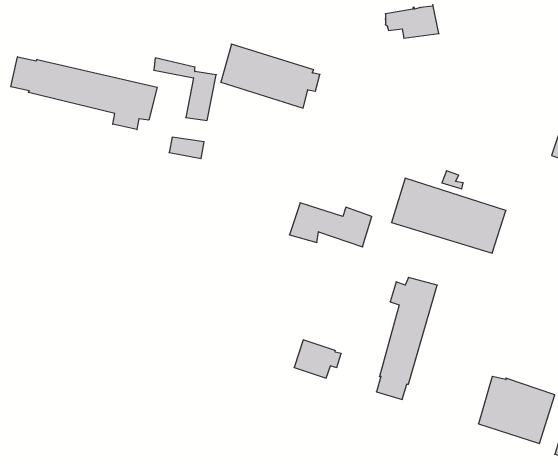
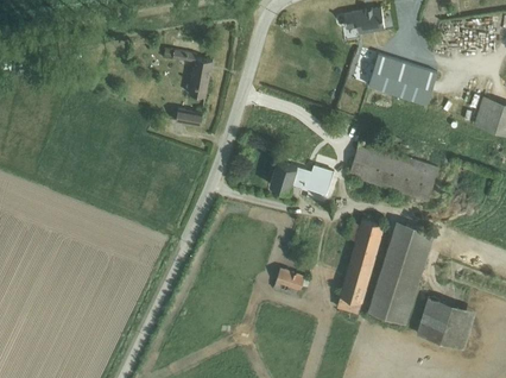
building: [221,44,320,108] -> [352,50,429,100]
building: [11,57,157,130] -> none
building: none -> [367,221,434,325]

